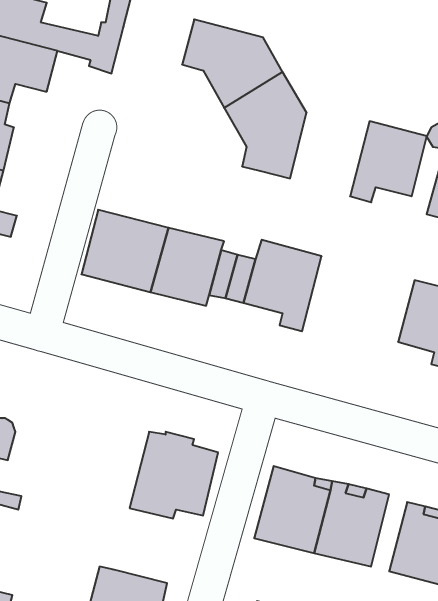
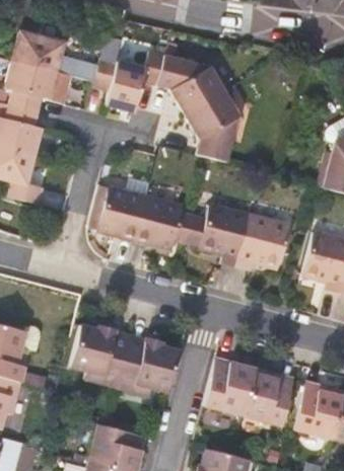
building: none -> [105,52,163,111]
building: [350,121,427,202] -> [236,216,288,270]
building: none -> [71,321,133,386]

